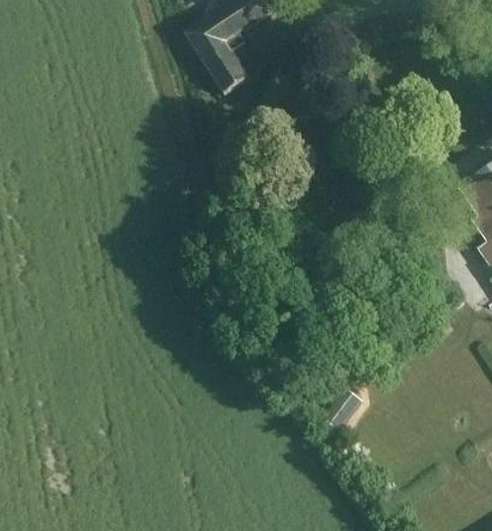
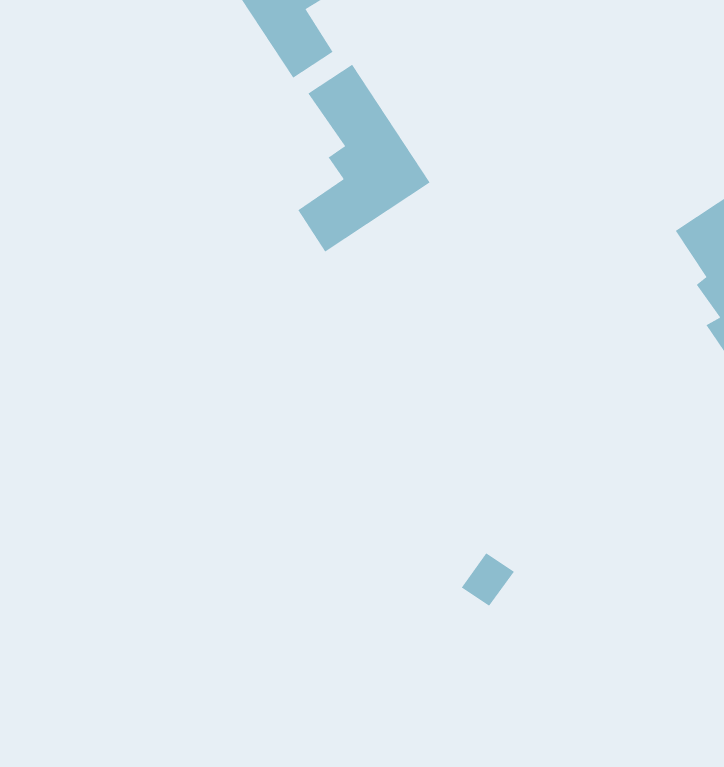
building: none -> [297,64,431,252]

